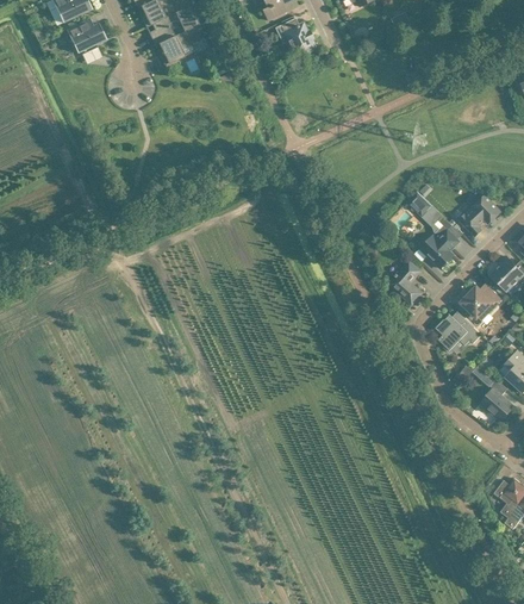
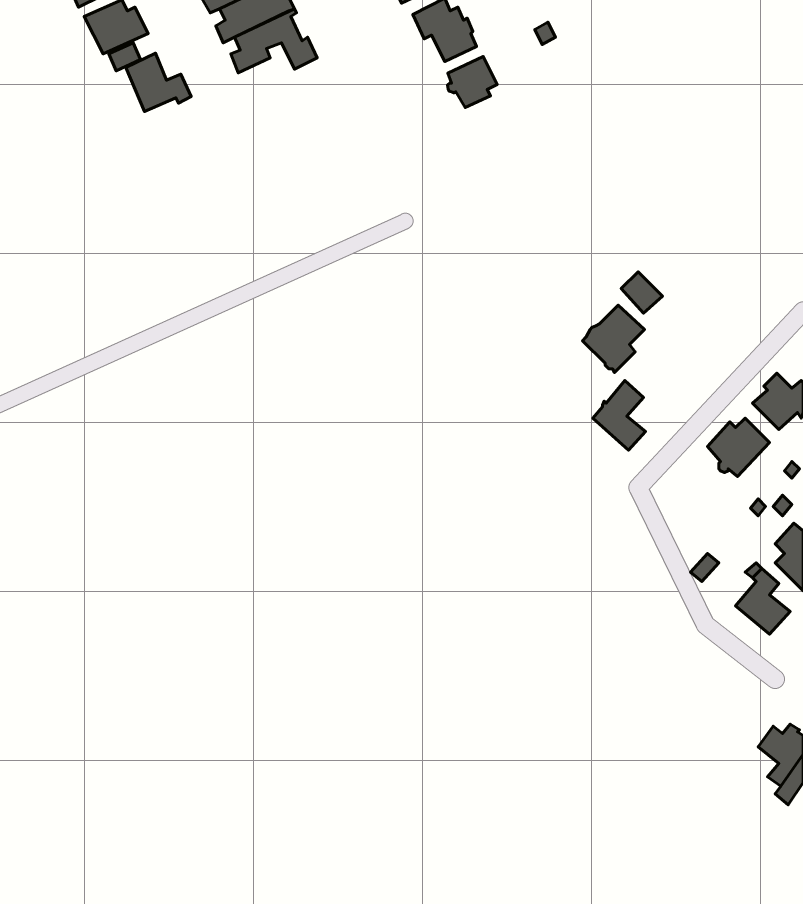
building: none -> [126,53,191,111]
building: none -> [448,56,497,107]
building: [458,194,500,236] -> none
building: [419,225,458,268] -> [583,305,644,373]
building: [433,311,481,351] -> none

